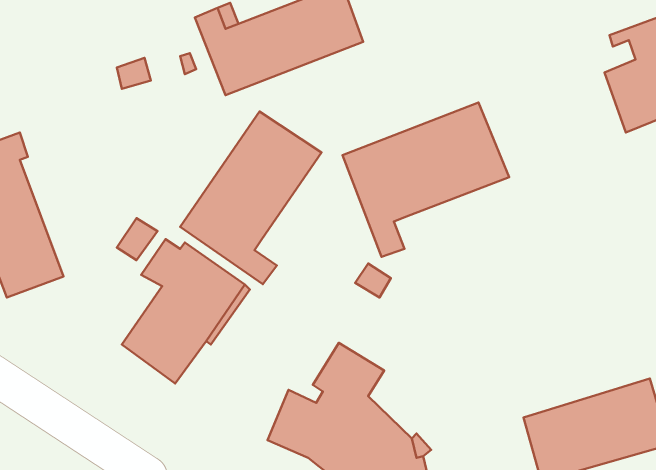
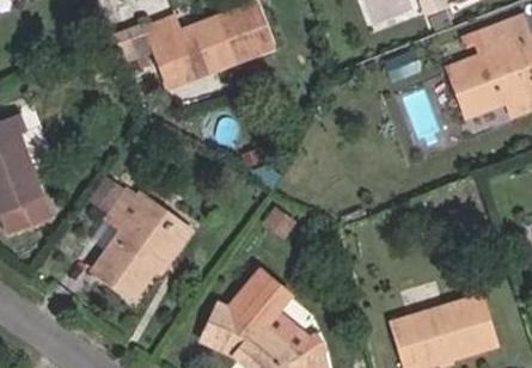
building: [343,103,509,257] -> none
building: [180,112,322,284] -> none

